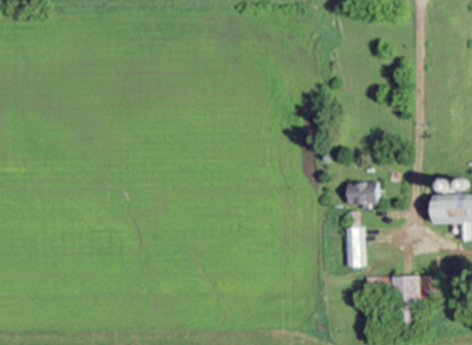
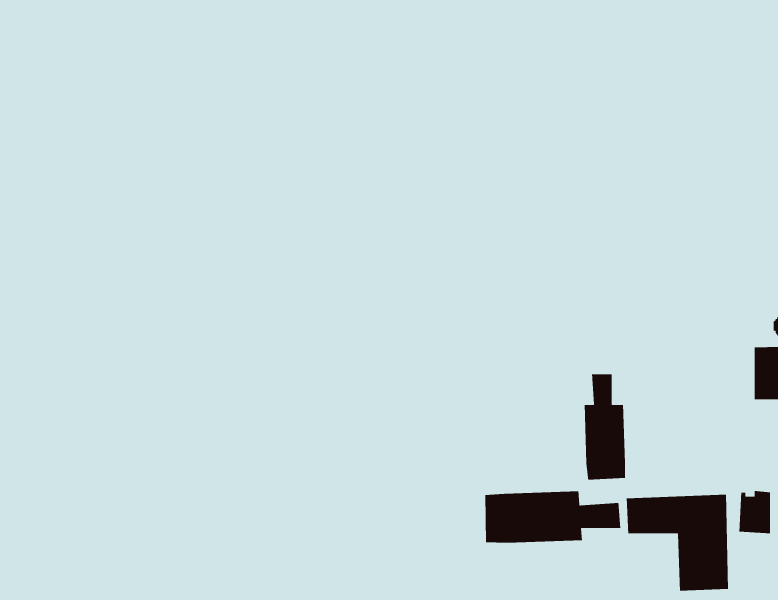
building: [349,181,379,209] -> none
building: none -> [484,490,621,544]

